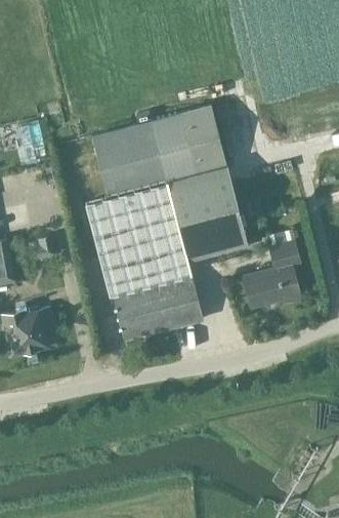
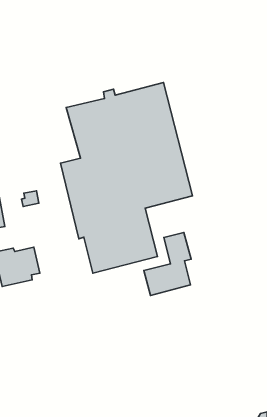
building: [242,230,300,308] -> [144,232,191,296]

